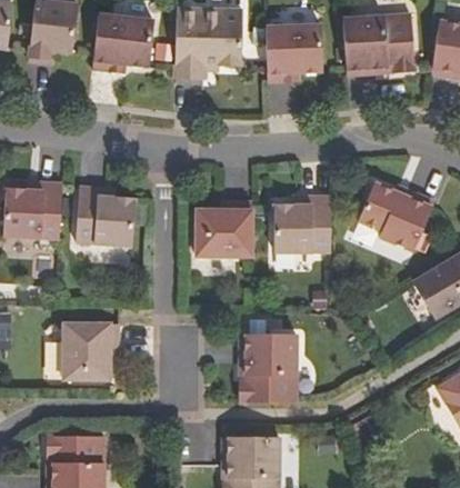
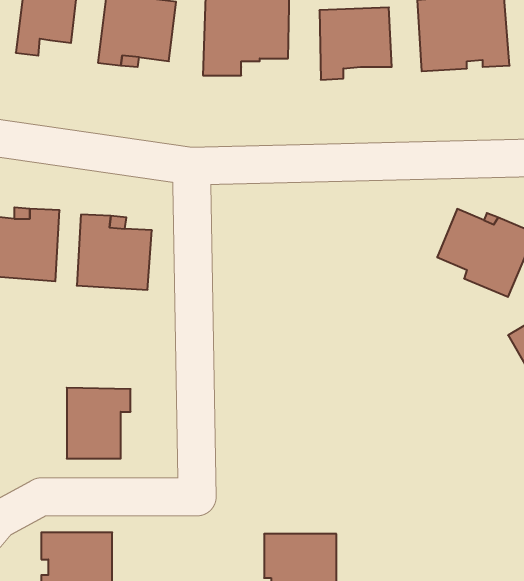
building: [273,197,330,251] -> none
building: [196,201,251,256] -> none
building: [239,333,296,402] -> none

